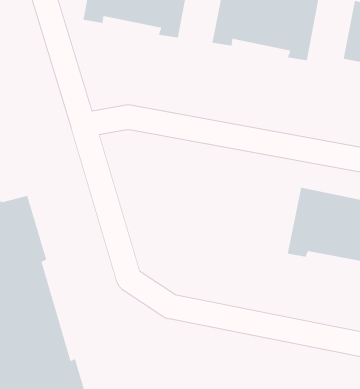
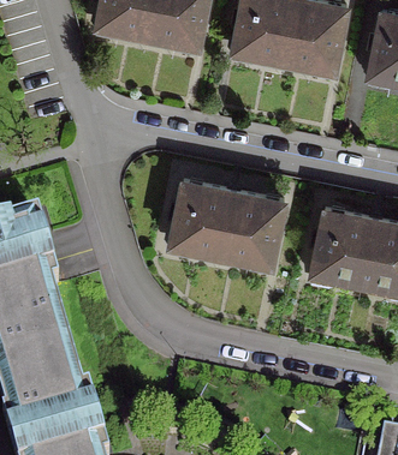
building: none -> [170,179,285,269]

